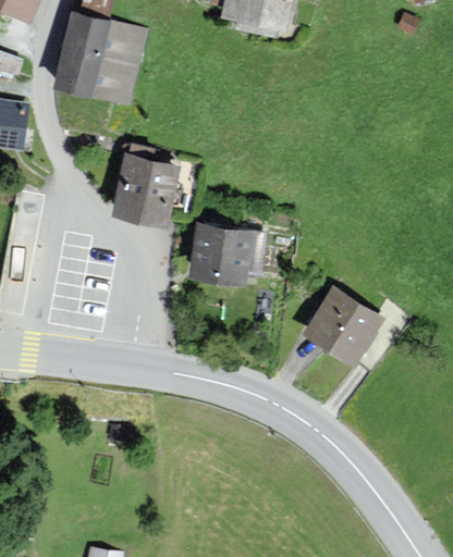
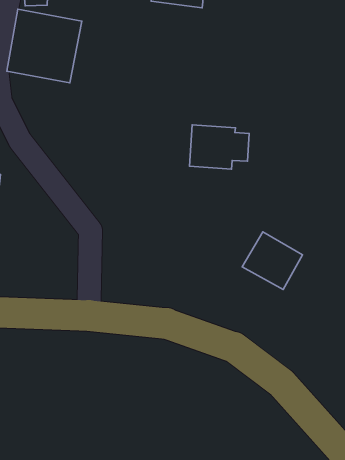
building: [120,154,174,212] -> none
building: [194,220,265,273] -> [189,125,249,169]

